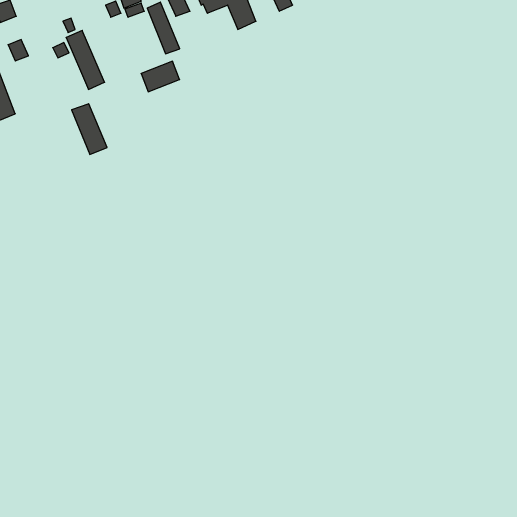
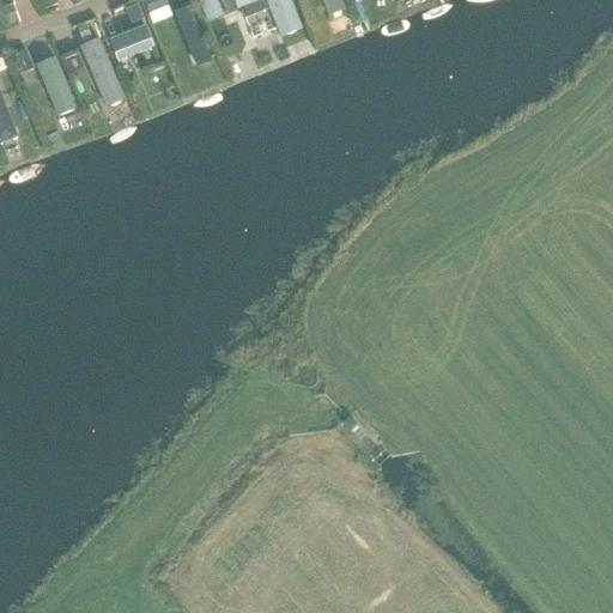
building: [141,61,180,92] -> [108,22,153,57]
building: [72,104,107,154] -> [35,54,77,114]

